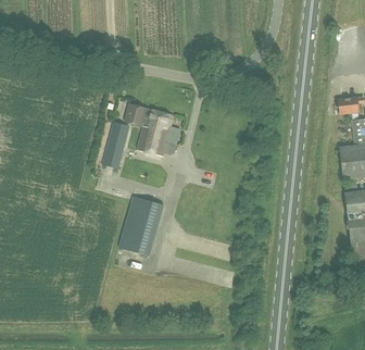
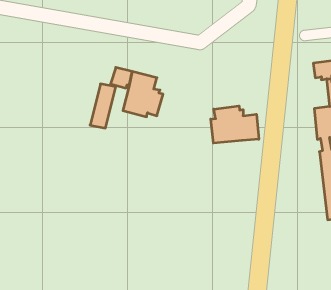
building: none -> [211,106,259,143]
building: [119,196,164,255] -> none

